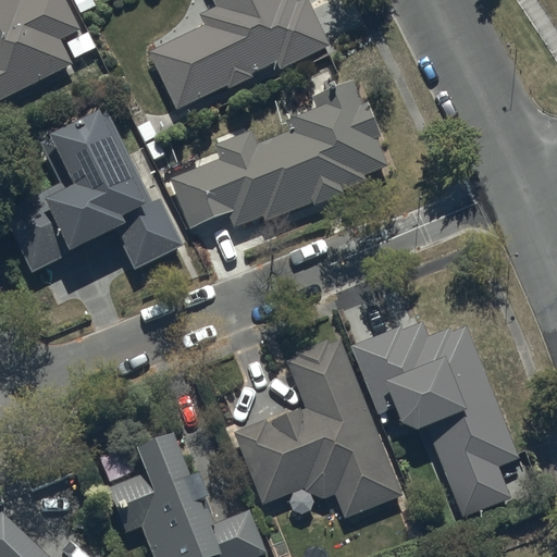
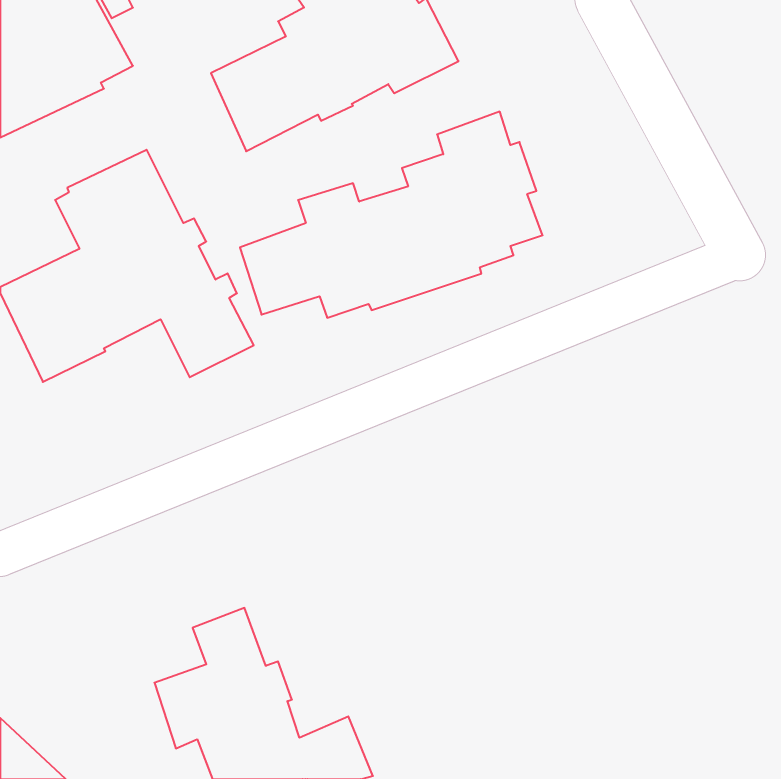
building: [350,322,519,518] -> none
building: [234,338,403,518] -> none

